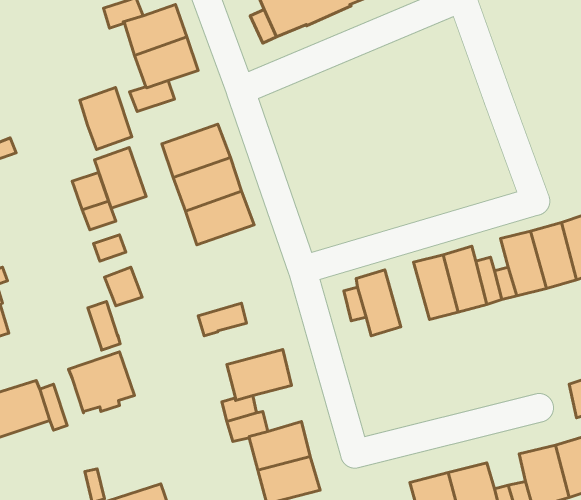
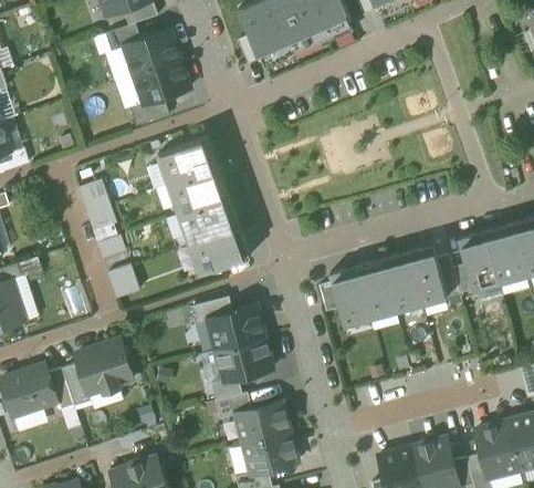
building: [80,87,132,150] -> none
building: [95,147,146,208] -> none
building: none -> [188,227,250,276]
building: none -> [355,260,395,318]
building: [88,302,120,350] -> [61,363,90,406]
building: none -> [207,305,264,351]

